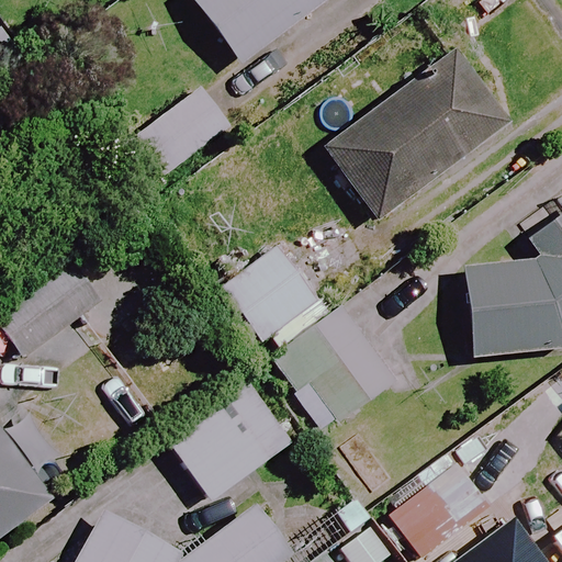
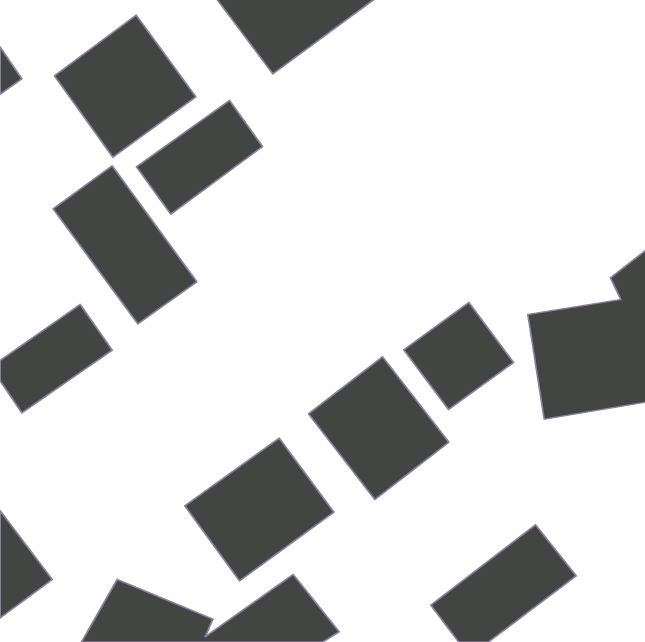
building: none -> [54,15,196,157]
building: [325,55,505,221] -> none
building: none -> [53,166,197,324]
building: [224,248,318,340] -> [404,303,514,410]

